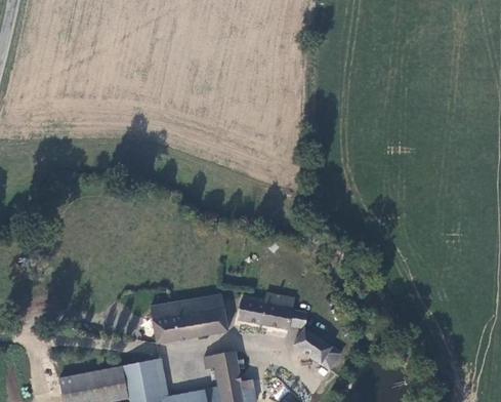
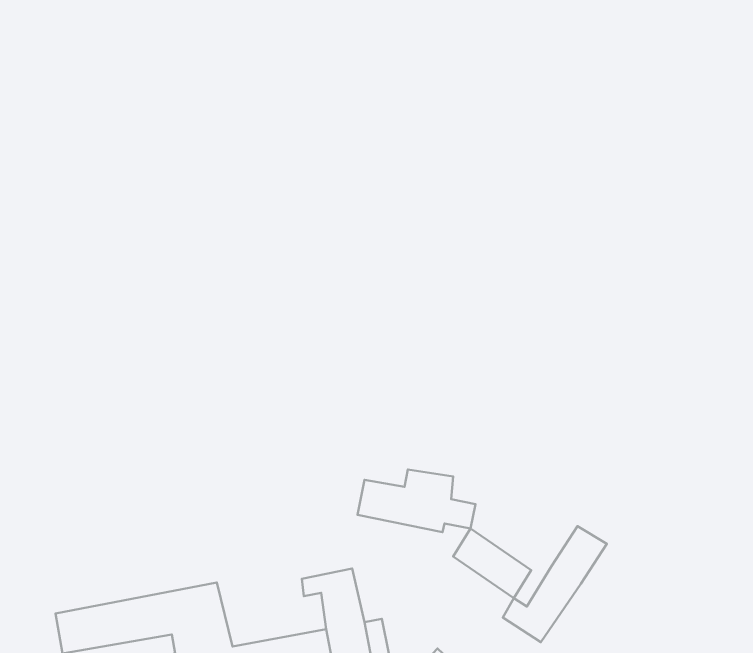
building: [150,293,228,344] -> none
building: none -> [503,526,607,642]

